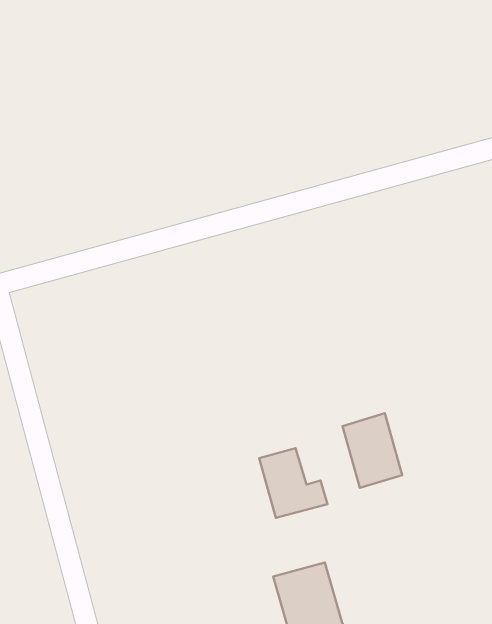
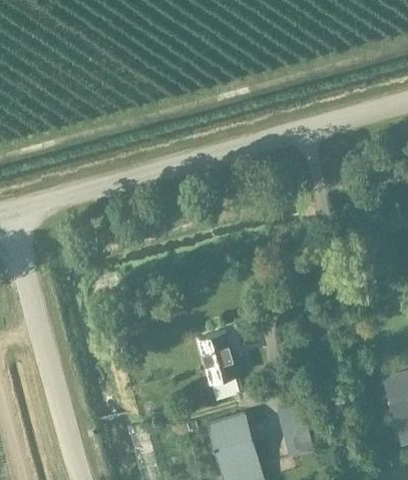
building: [343,413,402,488] -> none

